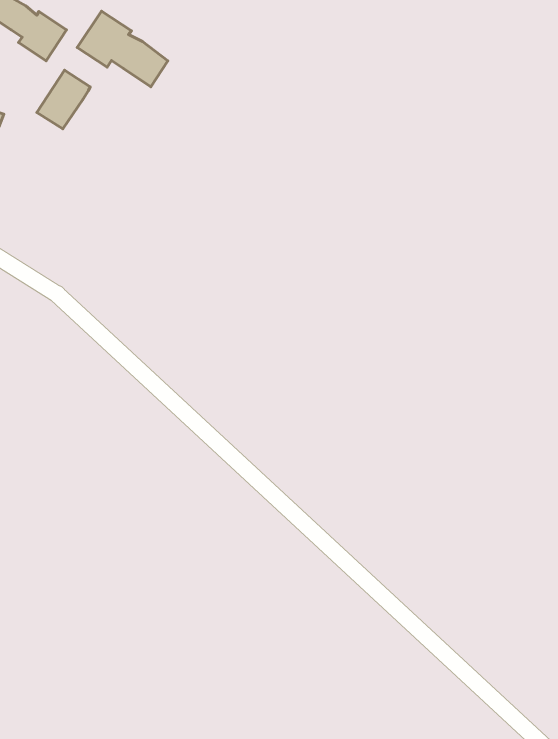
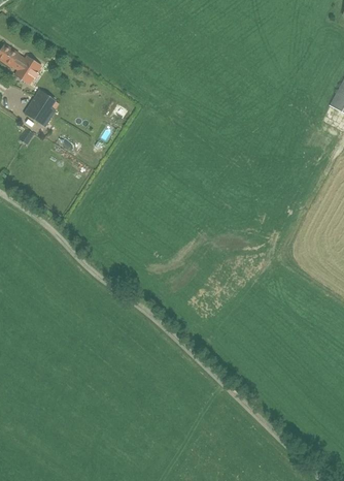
building: [77,11,168,87] -> none

